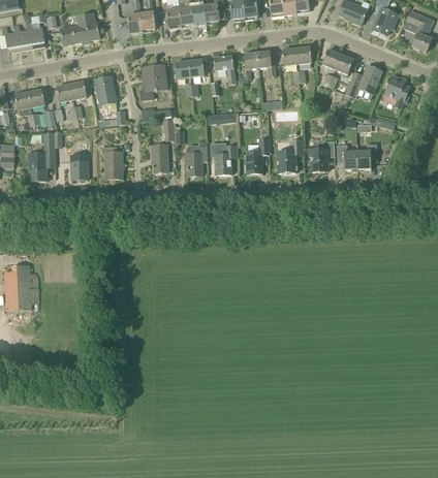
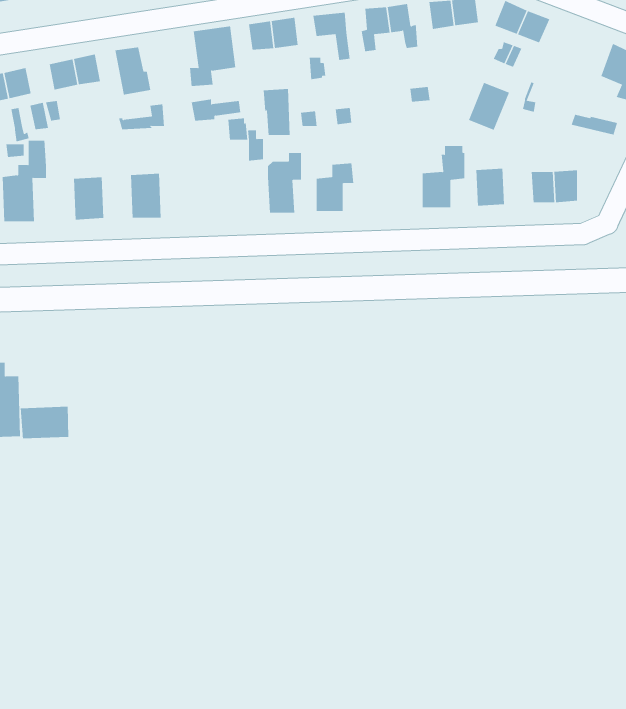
building: [357,65,382,94] -> [468,82,510,131]
building: [246,138,270,173] -> none
building: [151,145,167,172] -> [263,89,291,135]
building: none -> [20,406,69,439]

